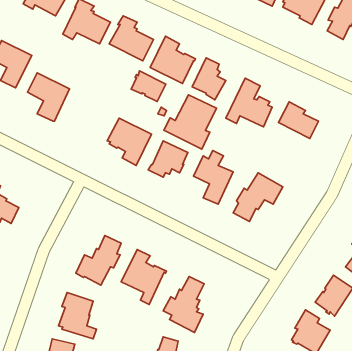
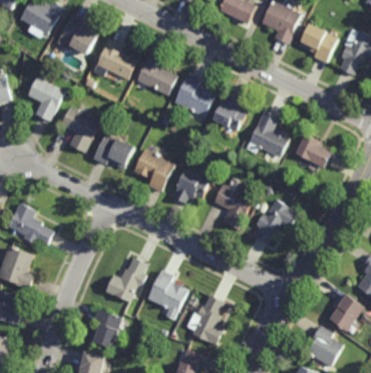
building: [131,71,166,102] -> none
building: [164,95,216,149] -> none
building: none -> [94,133,135,166]

